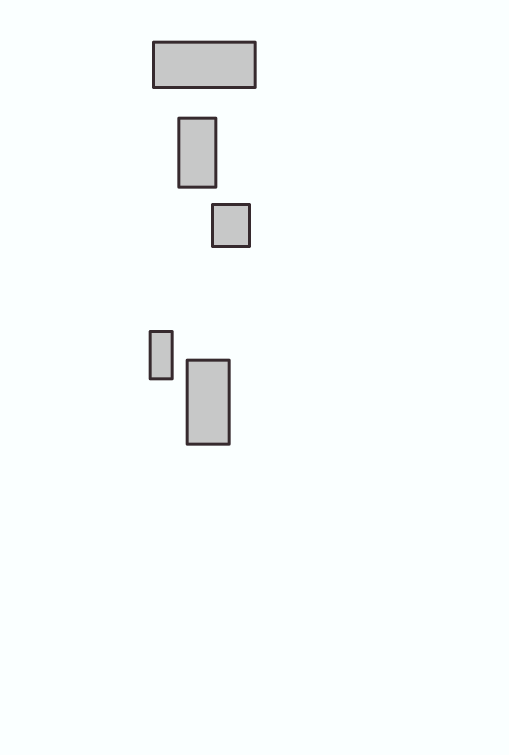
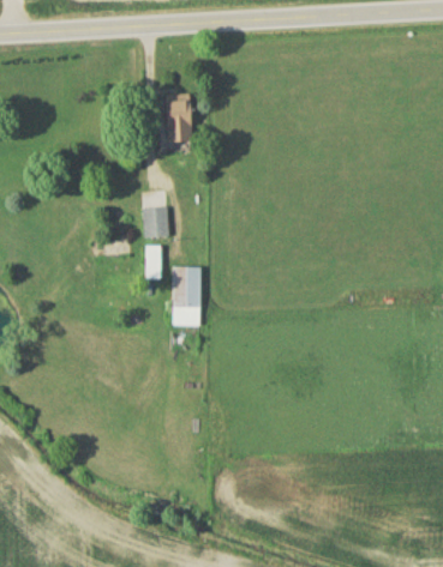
building: [154,42,255,87] -> none
building: [213,204,250,246] -> [143,207,169,237]

